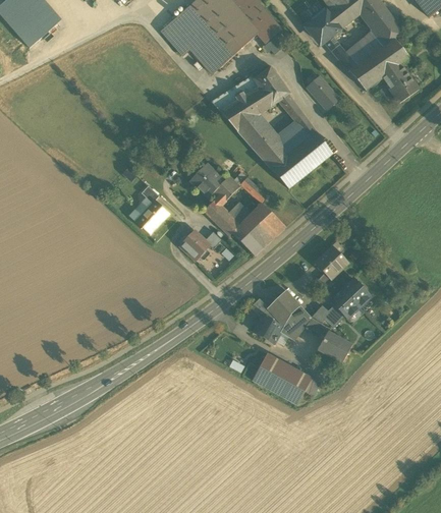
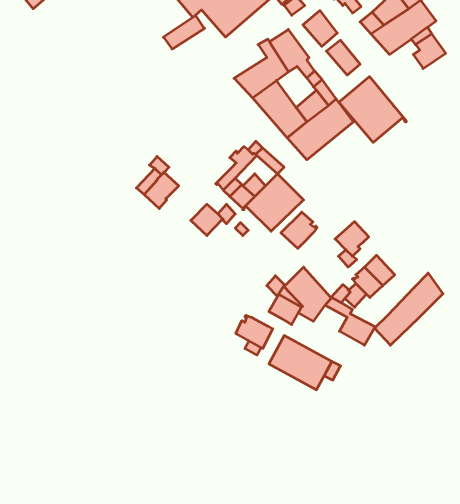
building: none -> [303,11,337,46]
building: [212,80,251,112] -> [163,15,205,49]
building: none -> [339,77,406,142]
building: [190,163,229,197] -> none
building: none -> [281,212,317,248]
building: none -> [374,273,443,345]
building: none -> [236,315,273,348]

